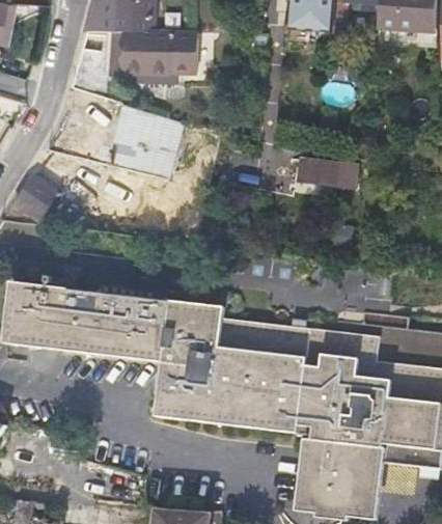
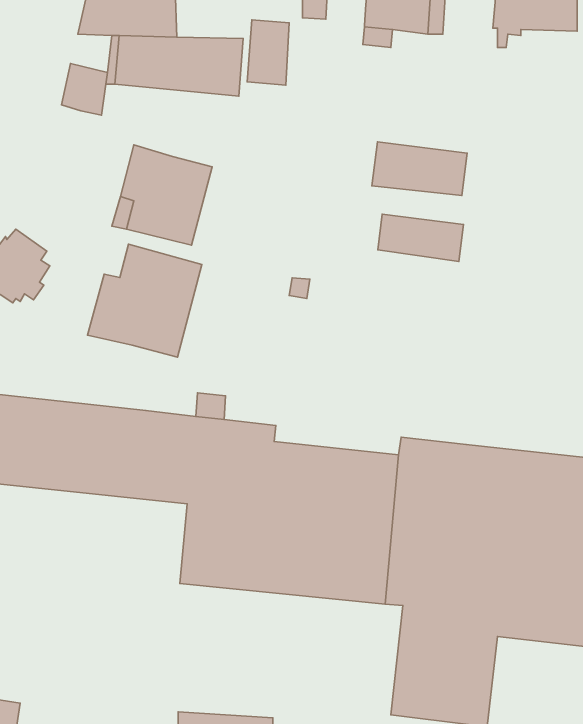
building: none -> [247,20,289,85]
building: none -> [372,142,467,196]
building: none -> [88,244,202,357]

